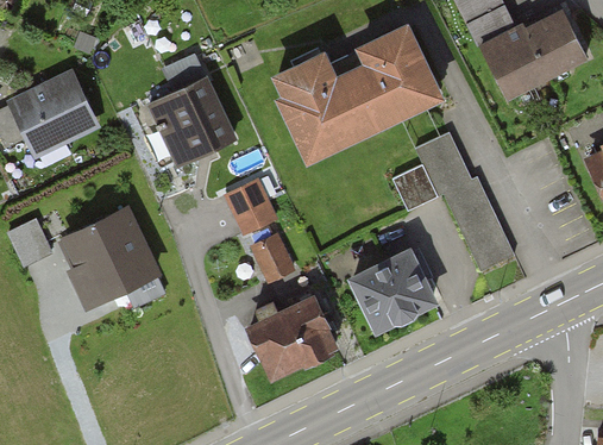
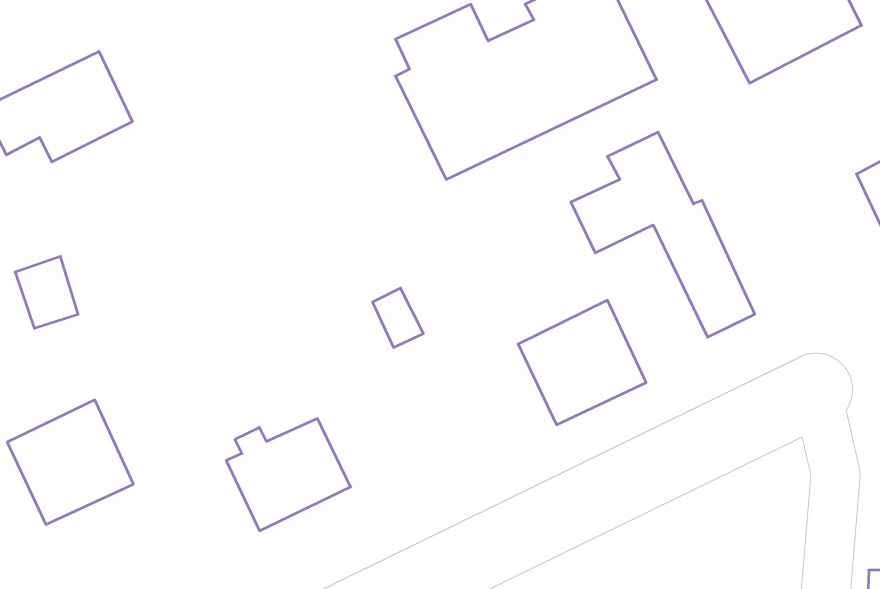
building: [156,57,234,162] -> none
building: [226,182,275,234] -> none
building: [69,218,155,302] -> [7,400,133,524]
building: [250,299,334,375] -> [226,419,351,531]

